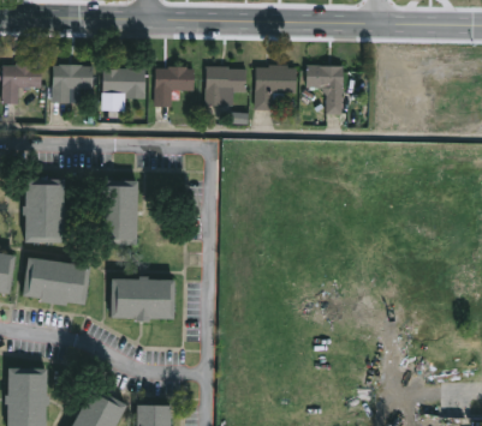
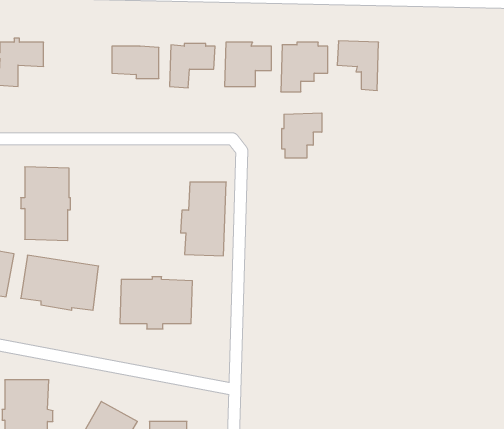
building: [53,65,94,103] -> none
building: none -> [282,113,322,158]
building: [97,180,138,246] -> [181,182,226,256]

